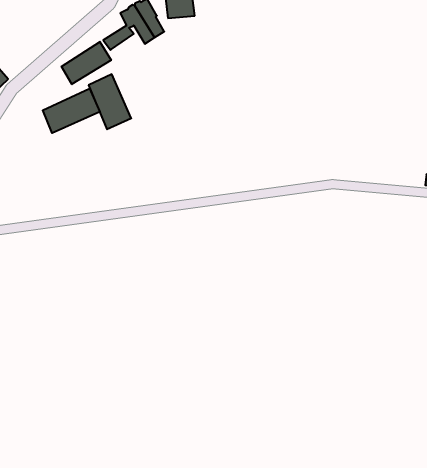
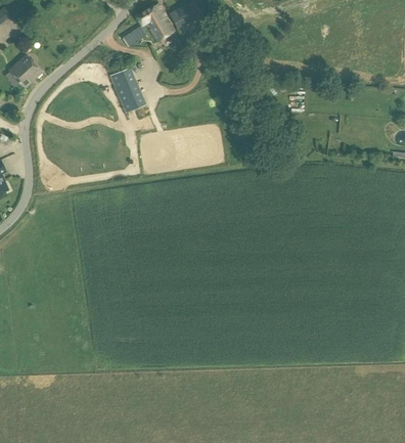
building: [62,42,111,84] -> none
building: [43,88,100,133] -> none

